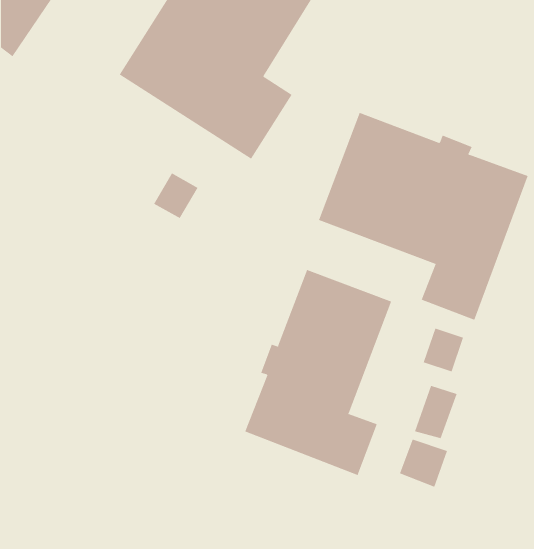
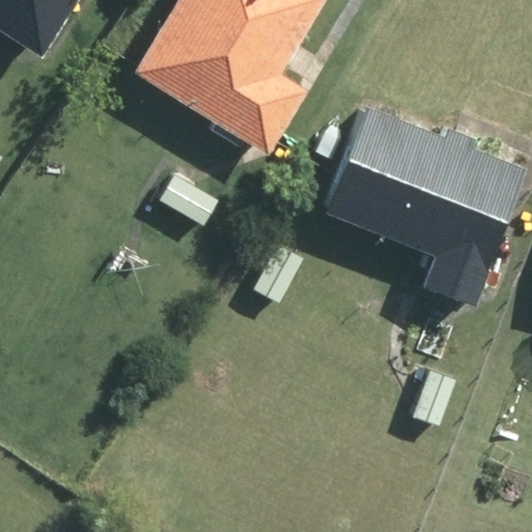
building: [244,269,392,476] -> none

